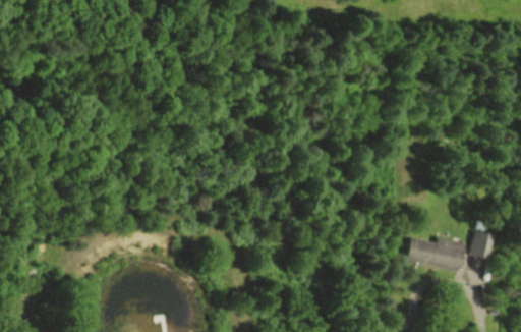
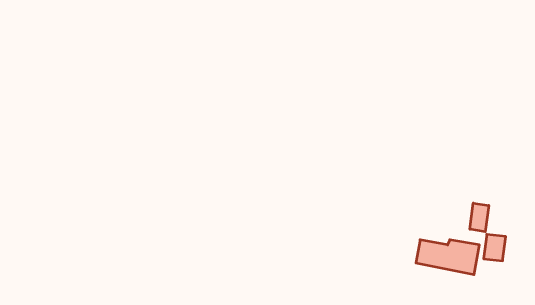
building: none -> [470,203,489,232]

